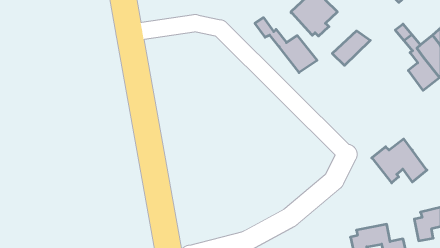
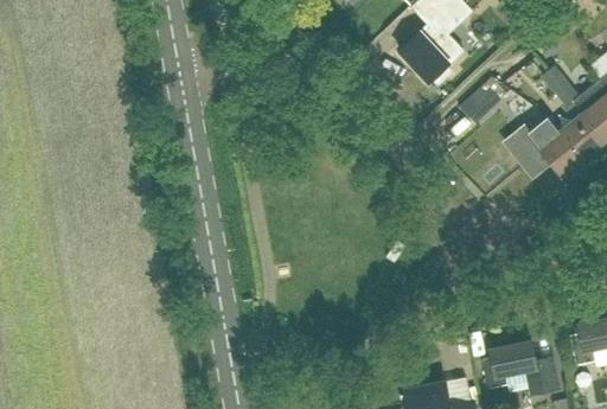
building: [255,18,317,73] -> none
building: [372,139,427,183] -> [505,115,581,175]

